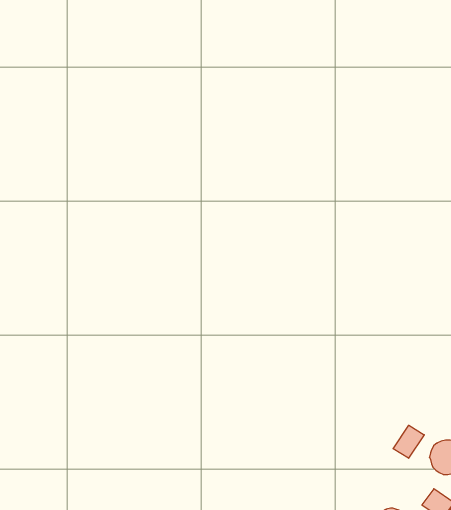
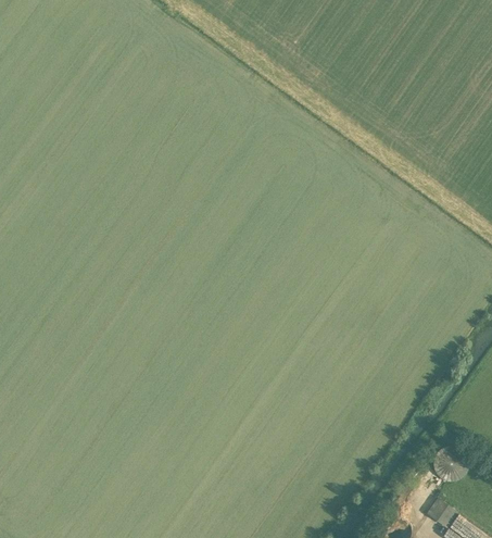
building: [393,425,424,458] -> none

